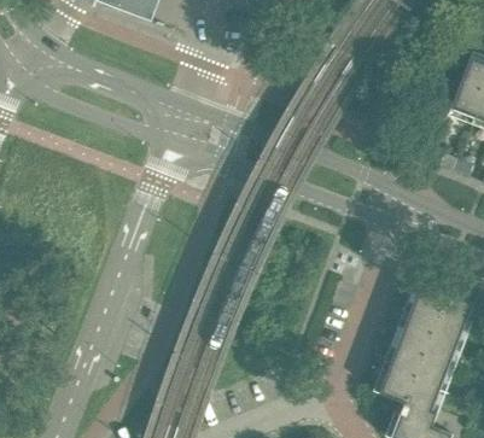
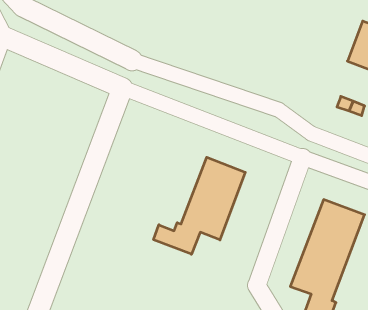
building: none -> [154,157,245,254]

